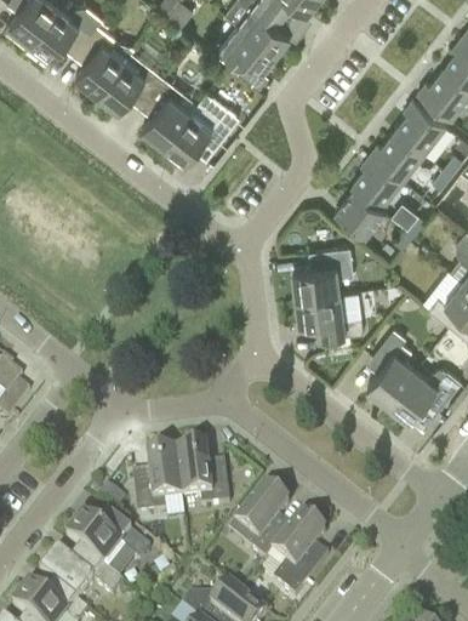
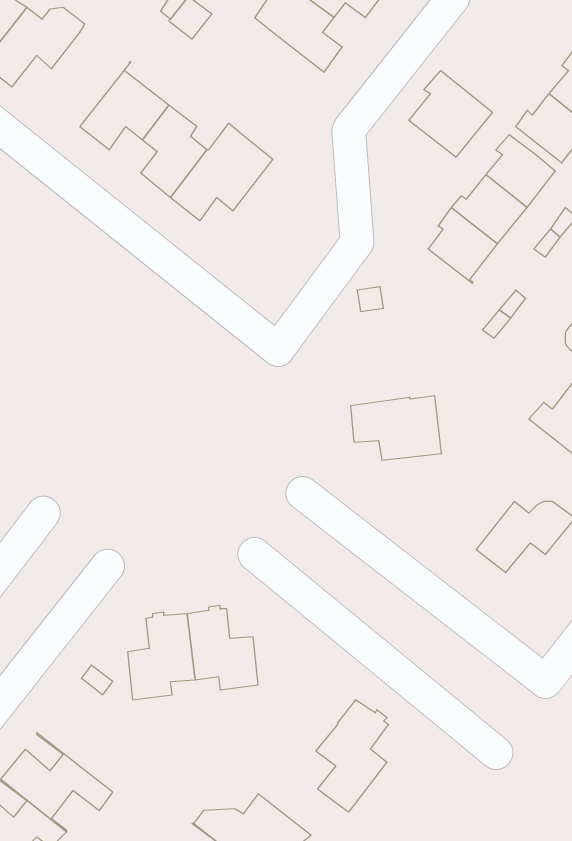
building: [218,23,278,70] -> none
building: [76,24,135,93] -> none
building: none -> [409,71,492,157]
building: [336,183,387,235] -> none
building: [293,246,354,298] -> none
building: [367,329,417,404] -> none
building: [235,485,289,560] -> none
building: [68,517,150,582] -> none

